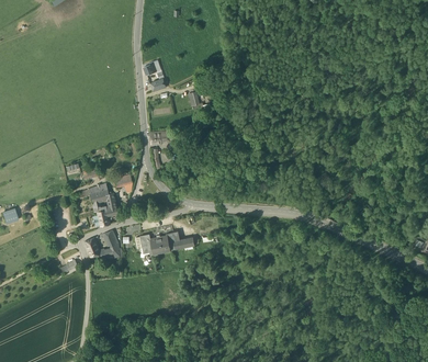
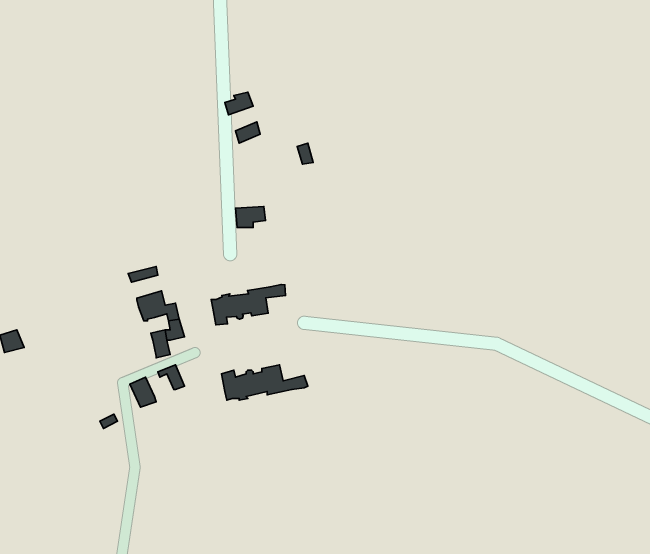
building: none -> [211,284,285,325]

